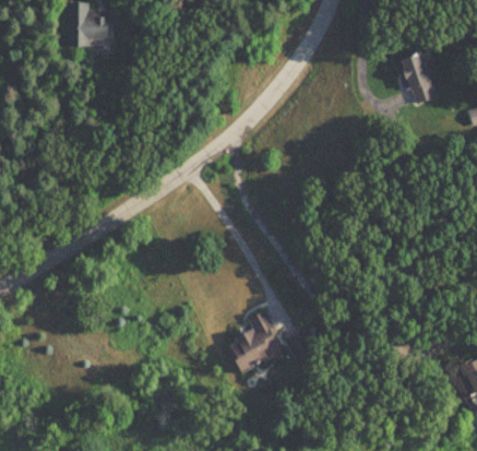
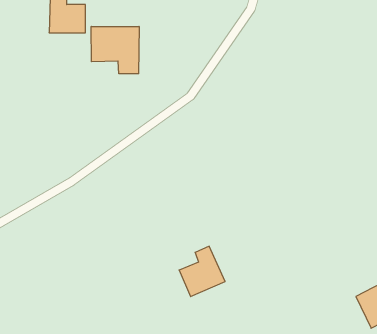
building: none -> [91,26,139,74]
building: [402,52,437,105] -> none

